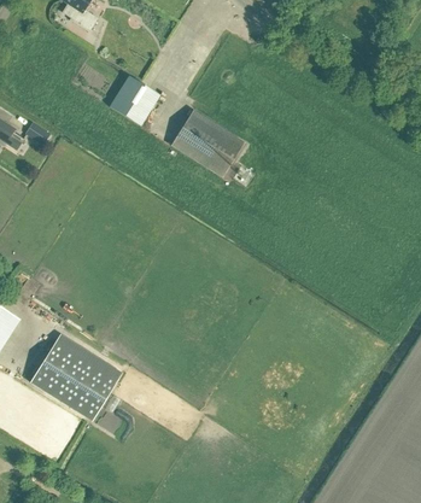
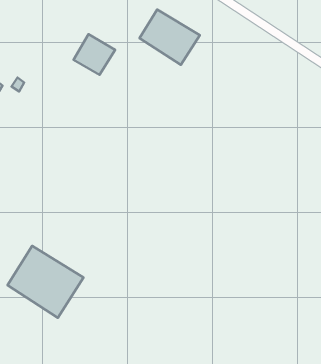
building: [171,110,245,177] -> [139,10,200,65]

